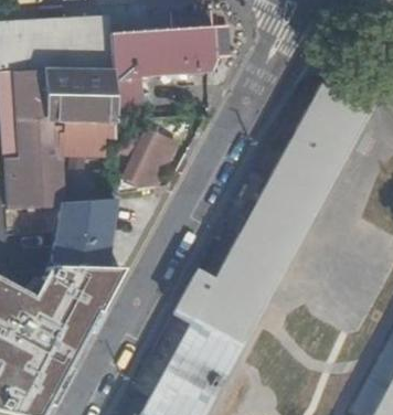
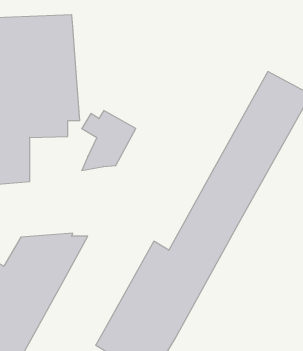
building: [108,29,213,123] -> none
building: [51,193,120,266] -> none

